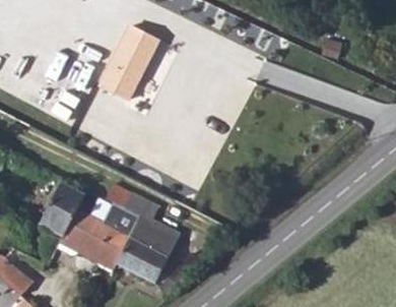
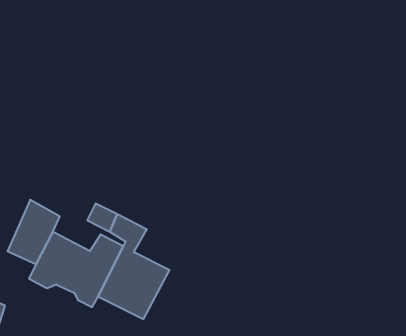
building: [103,20,160,94] -> none

